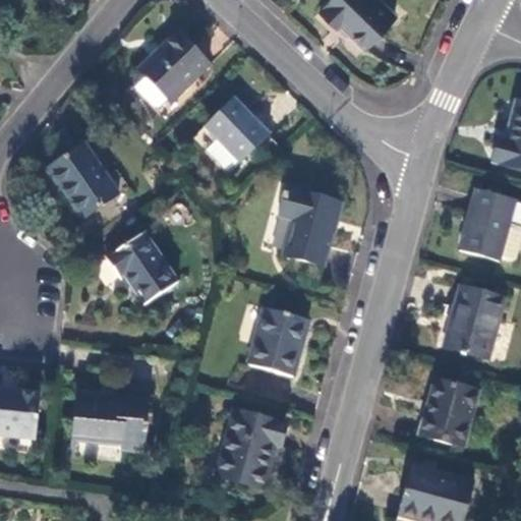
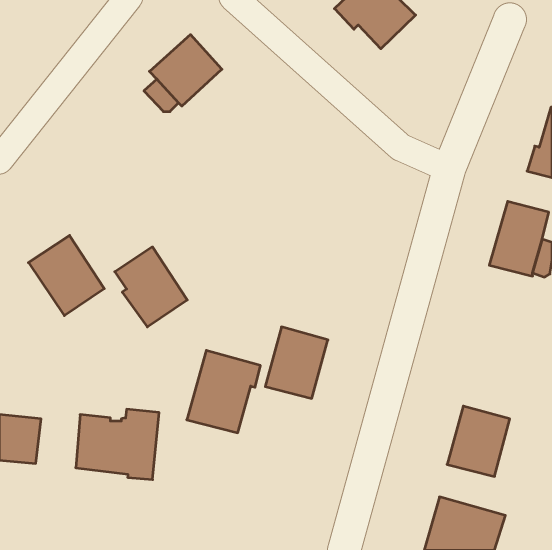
building: [205,98,270,163] -> none
building: [46,143,117,219] -> [28,235,104,316]
building: [277,182,339,266] -> none
building: [445,286,506,359] -> none
building: [215,411,284,488] -> [187,350,260,433]

